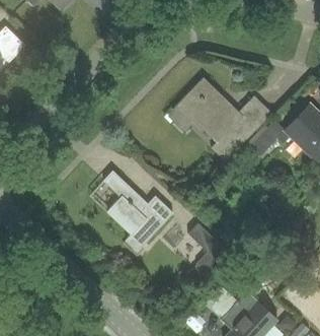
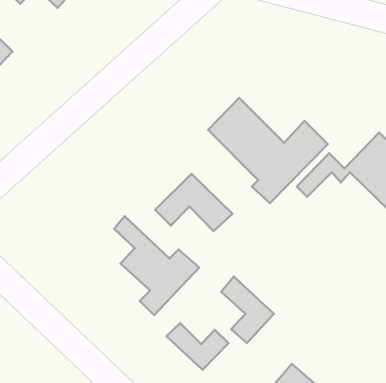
building: none -> [155,174,232,231]
building: none -> [167,323,228,370]

